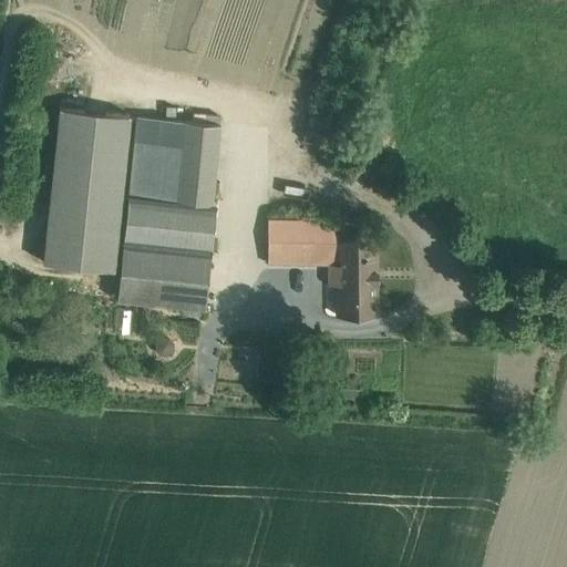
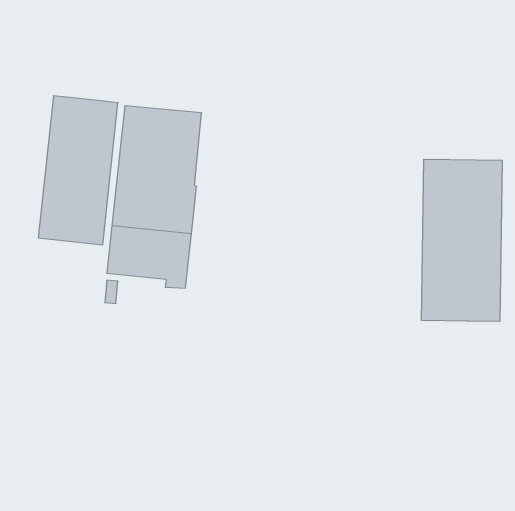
building: none -> [421,159,502,321]
building: [267,224,377,320] -> none

